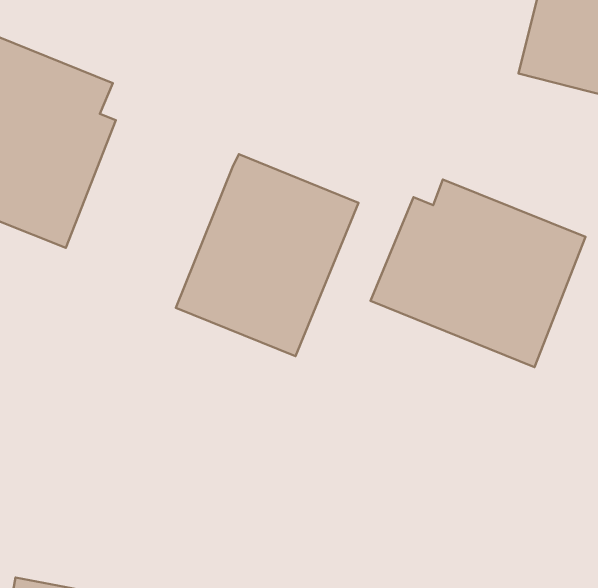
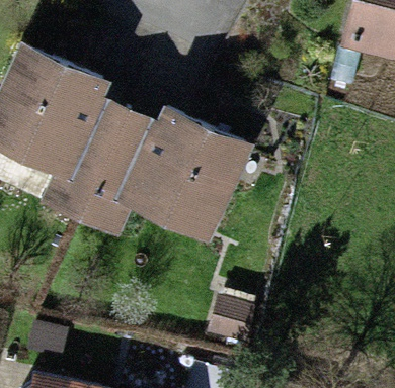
building: none -> [45,92,164,237]
building: [371,179,585,367] -> none

